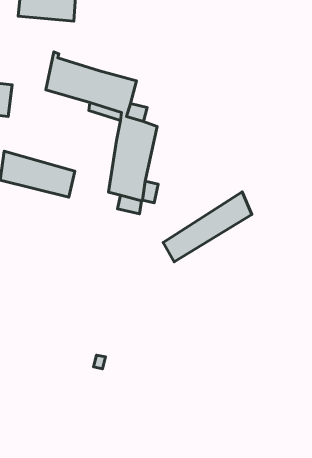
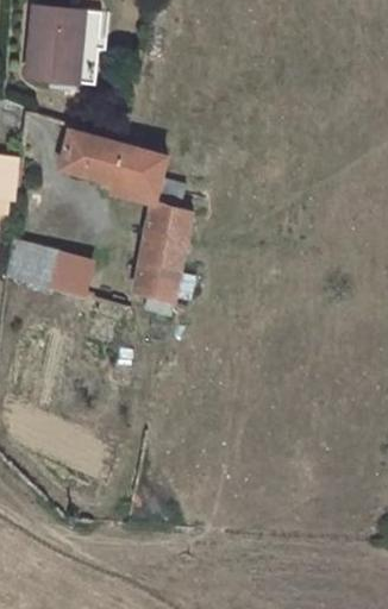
building: [163,192,252,262] -> none

